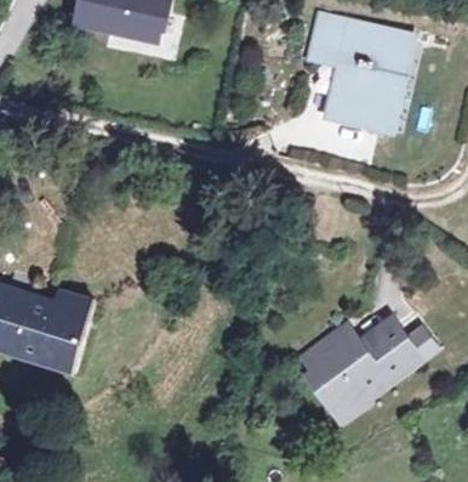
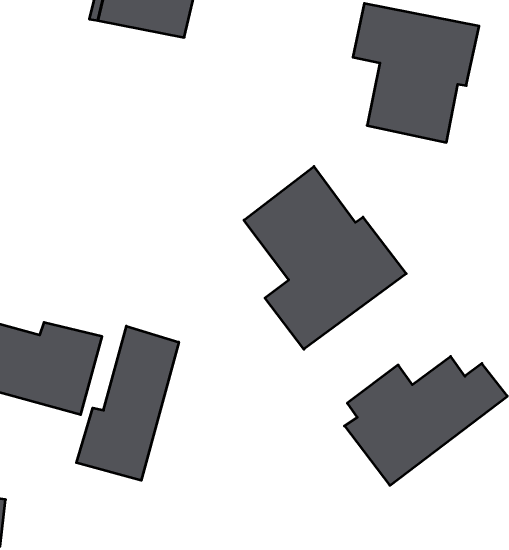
building: none -> [244,166,406,349]
building: none -> [76,326,179,480]

